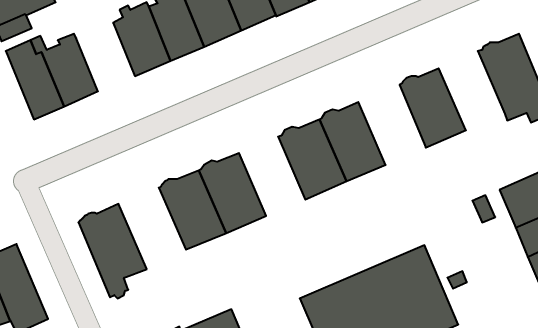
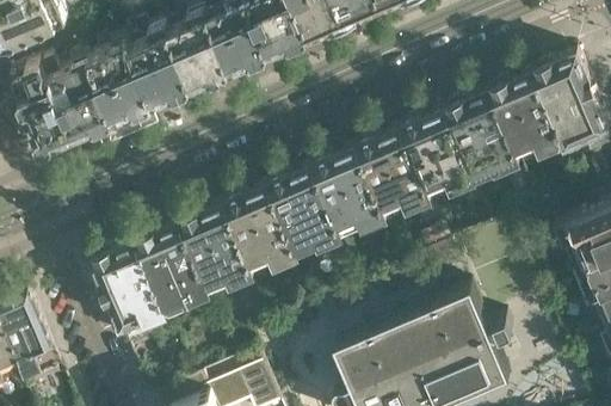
building: none -> [90,43,154,123]
building: none -> [488,79,561,166]
building: none -> [400,116,474,204]
building: none -> [269,173,341,260]
building: none -> [136,229,210,316]

